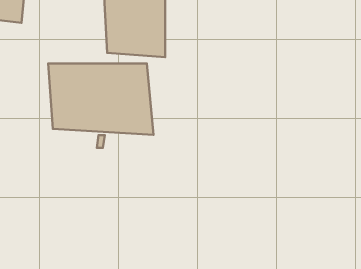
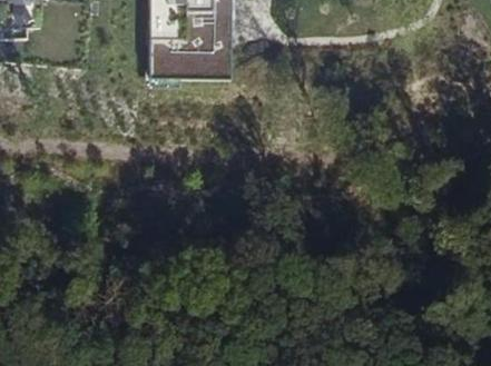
building: [48,64,153,135] -> none

